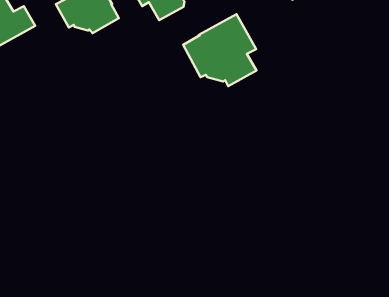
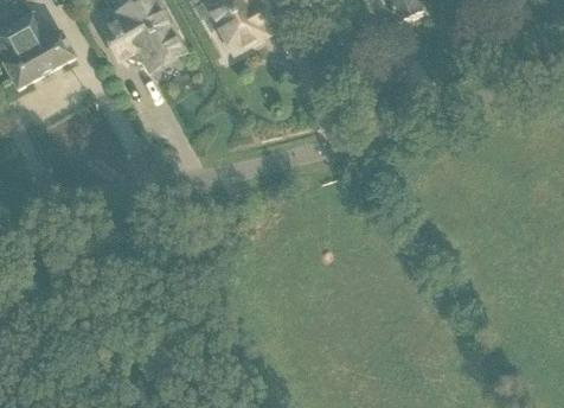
building: [183,14,256,86] -> none

